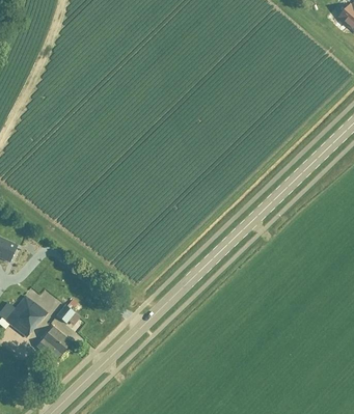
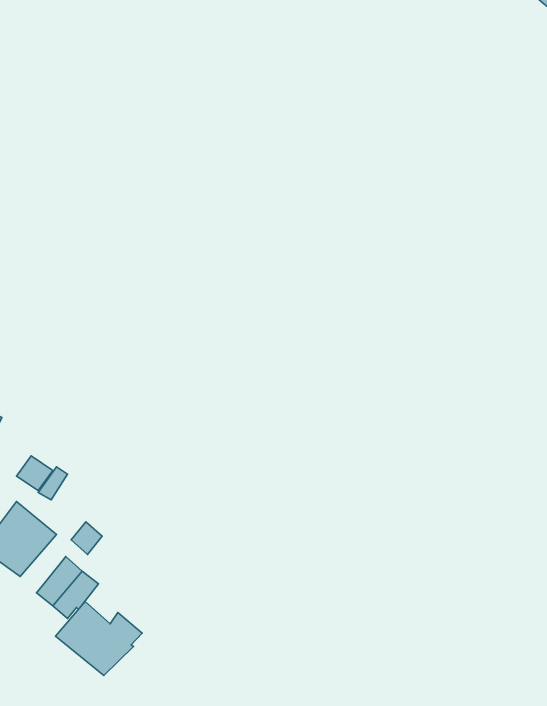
building: none -> [55,602,142,675]

